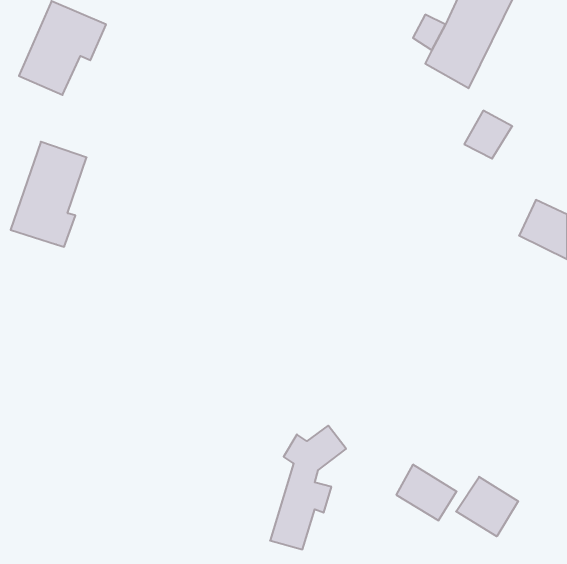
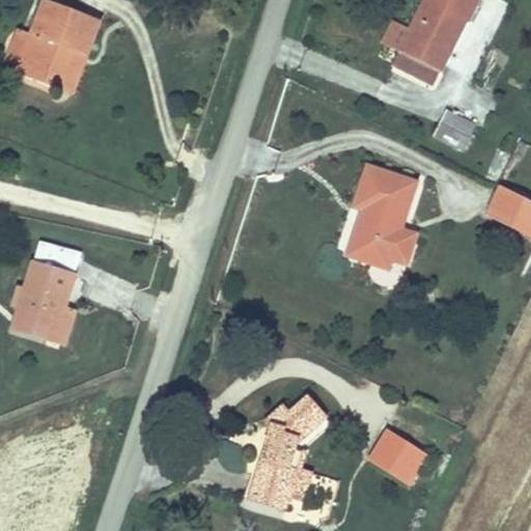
building: [11,142,87,247] -> [11,245,82,342]
building: none -> [350,167,417,266]
building: [456,477,518,536] -> none

